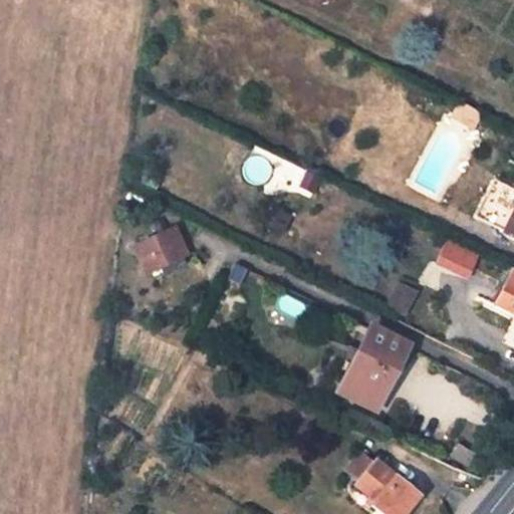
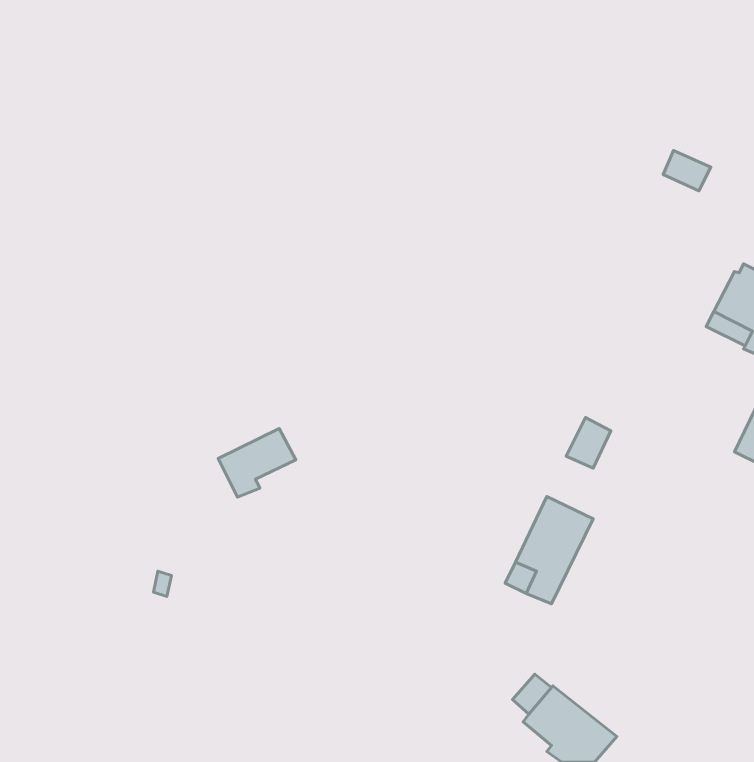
building: [136,229,188,275] -> [218,429,296,497]
building: [434,237,481,278] -> none

